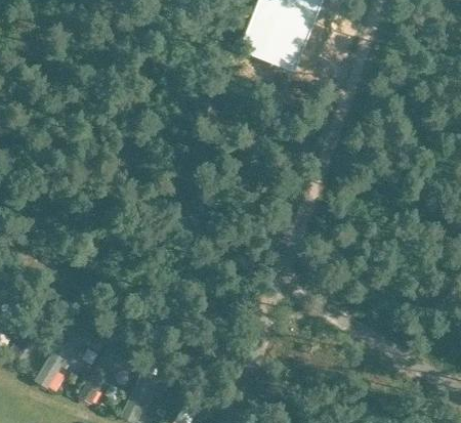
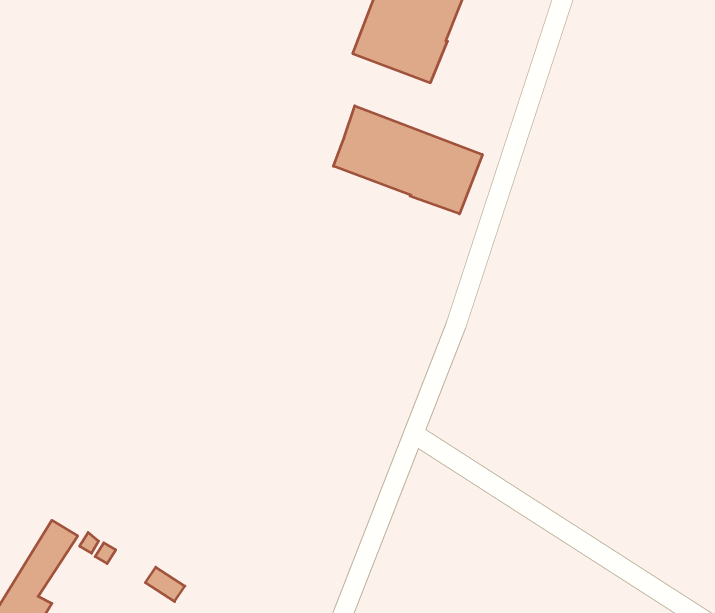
building: none -> [333,106,482,214]

